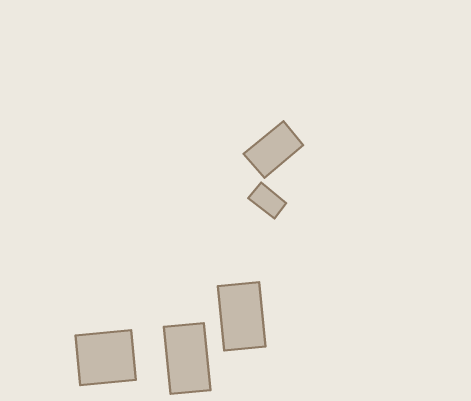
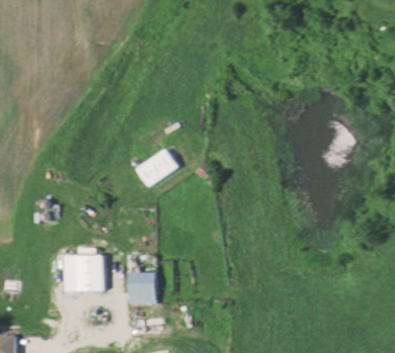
building: [244,121,303,178] -> [137,148,179,186]
building: [218,282,265,350] -> none

